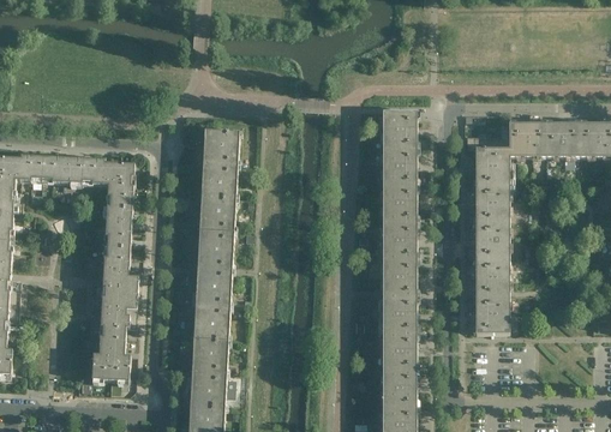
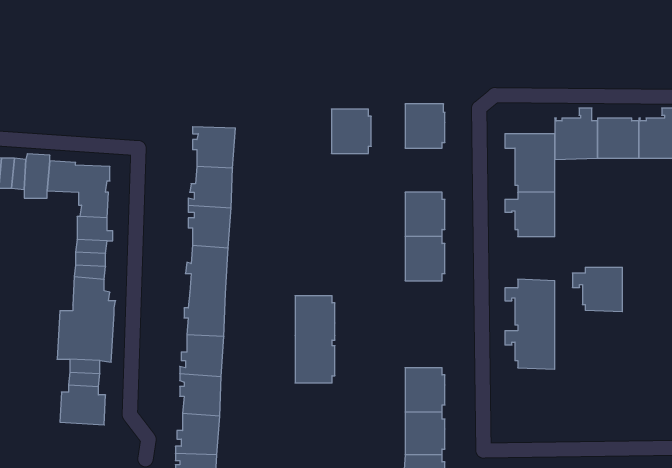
building: [382,146,415,184] -> [331,109,371,153]
building: [466,221,508,258] -> [572,267,622,312]
building: [382,258,415,331] -> [295,296,335,383]

